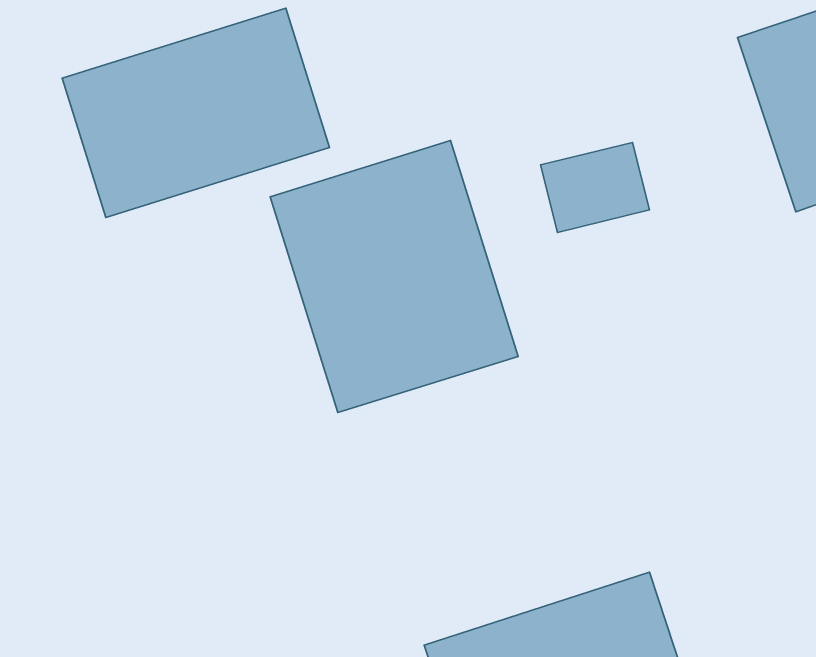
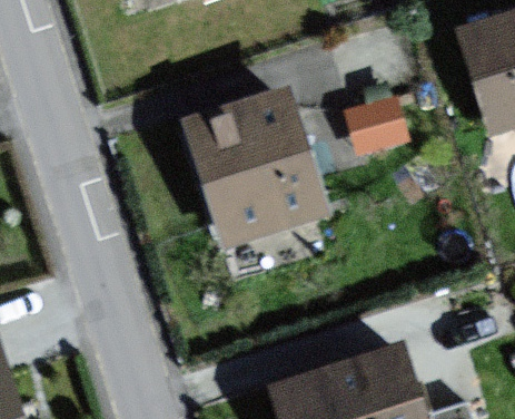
building: [62,8,330,218] -> none

